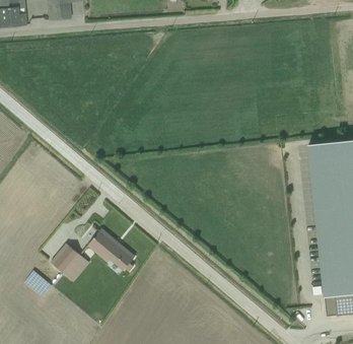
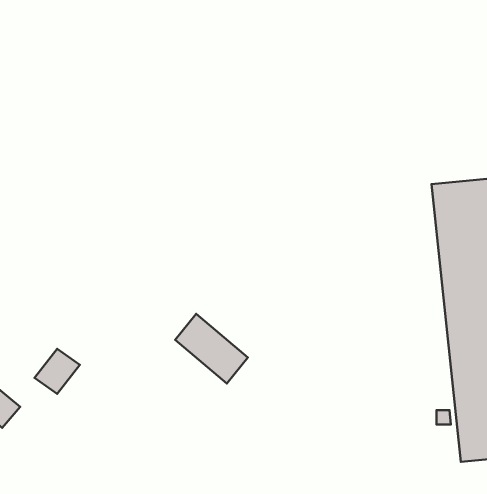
building: [87,225,133,269] -> [175,314,248,383]

